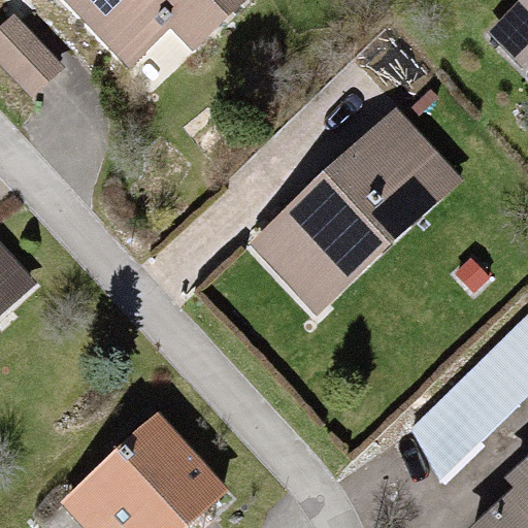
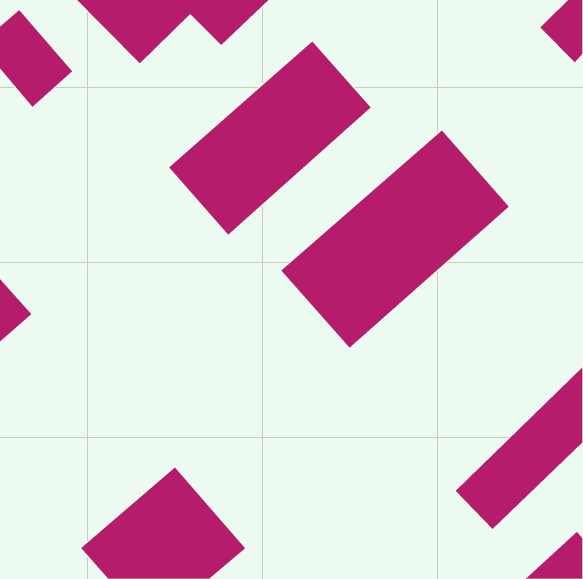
building: none -> [168,41,371,236]

